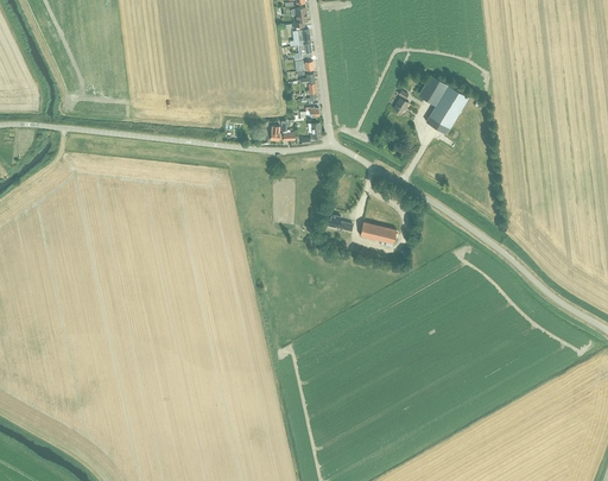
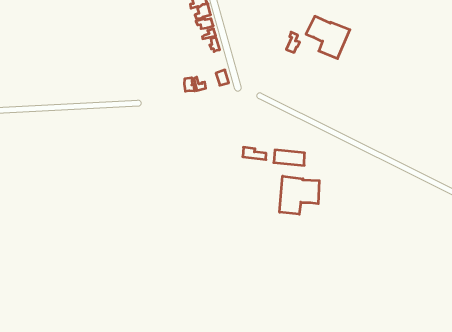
building: none -> [280,176,319,214]

